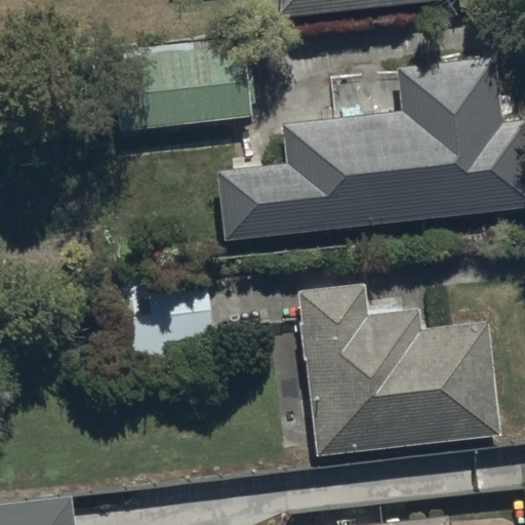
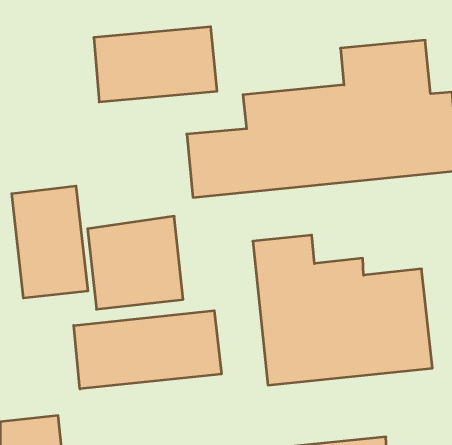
building: none -> [12,186,88,298]
building: none -> [74,311,221,389]

